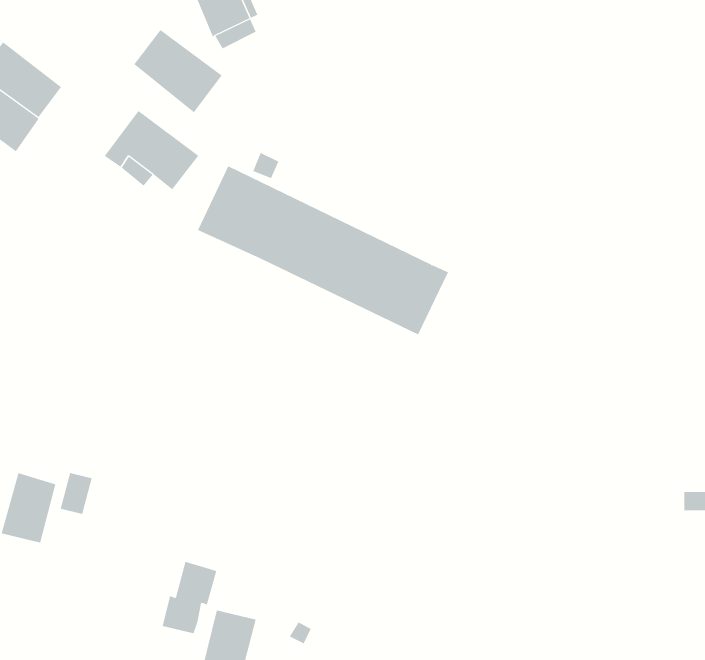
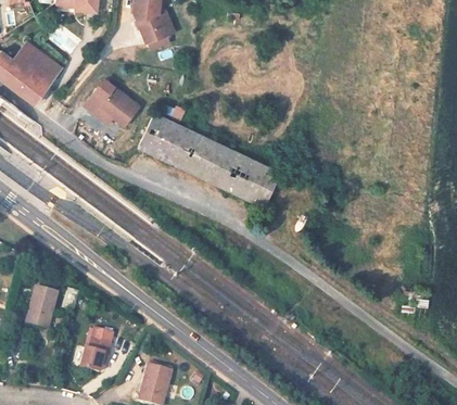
building: [133,29,223,113] -> none
building: [162,561,217,634] -> [80,329,112,370]

